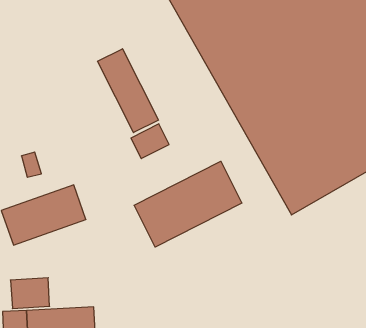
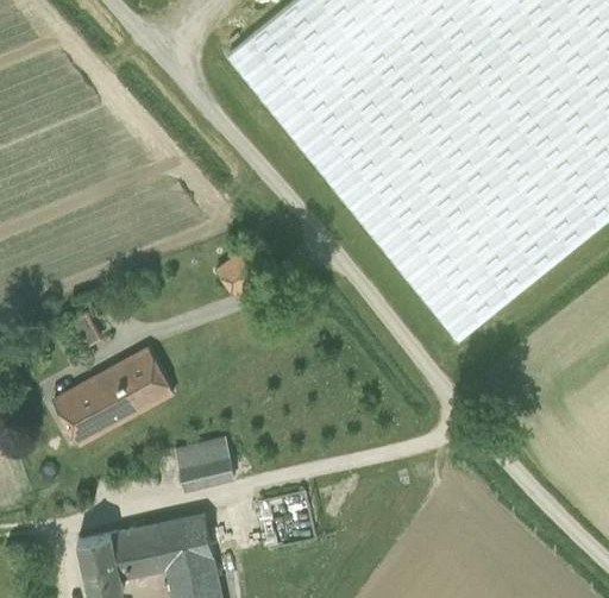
building: [98,49,158,133] -> none
building: [134,161,242,247] -> none
building: [10,278,50,309] -> [174,438,234,489]

